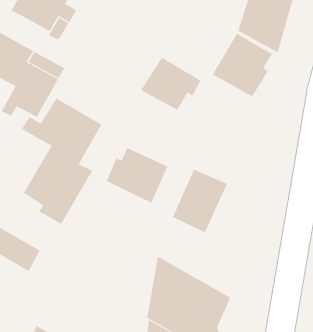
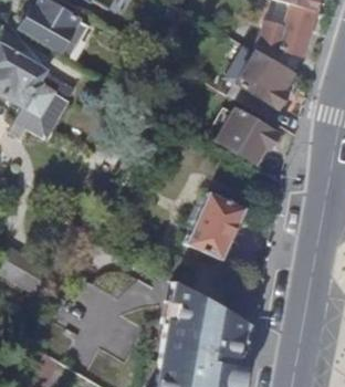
building: [140,57,201,110] -> [217,105,280,160]
building: [21,98,102,225] -> none
building: [106,147,168,203] -> none

